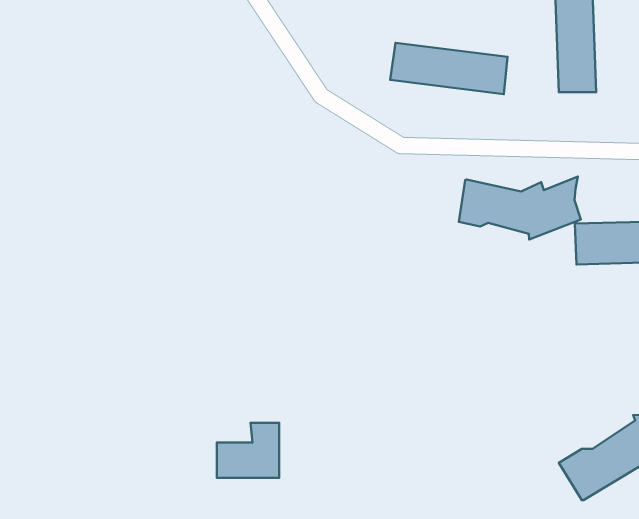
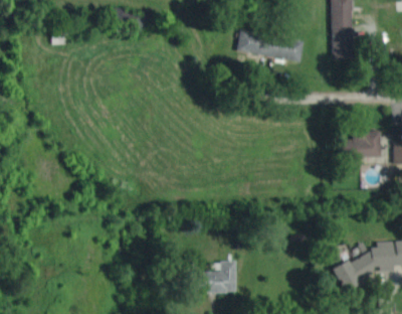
building: [459,177,581,239] -> none
building: [217,423,279,478] -> [201,262,236,293]

